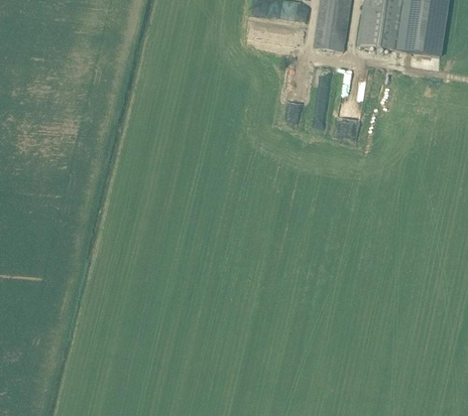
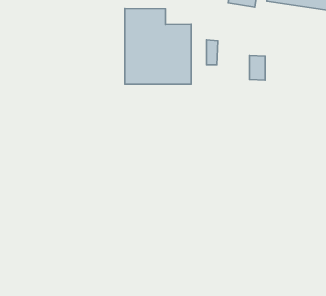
building: none -> [125,9,191,84]

